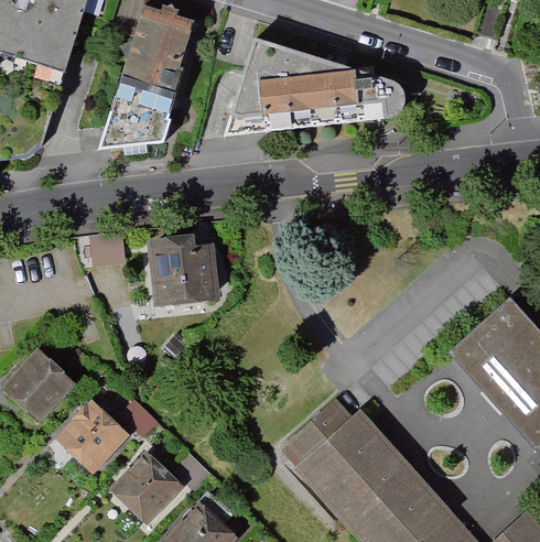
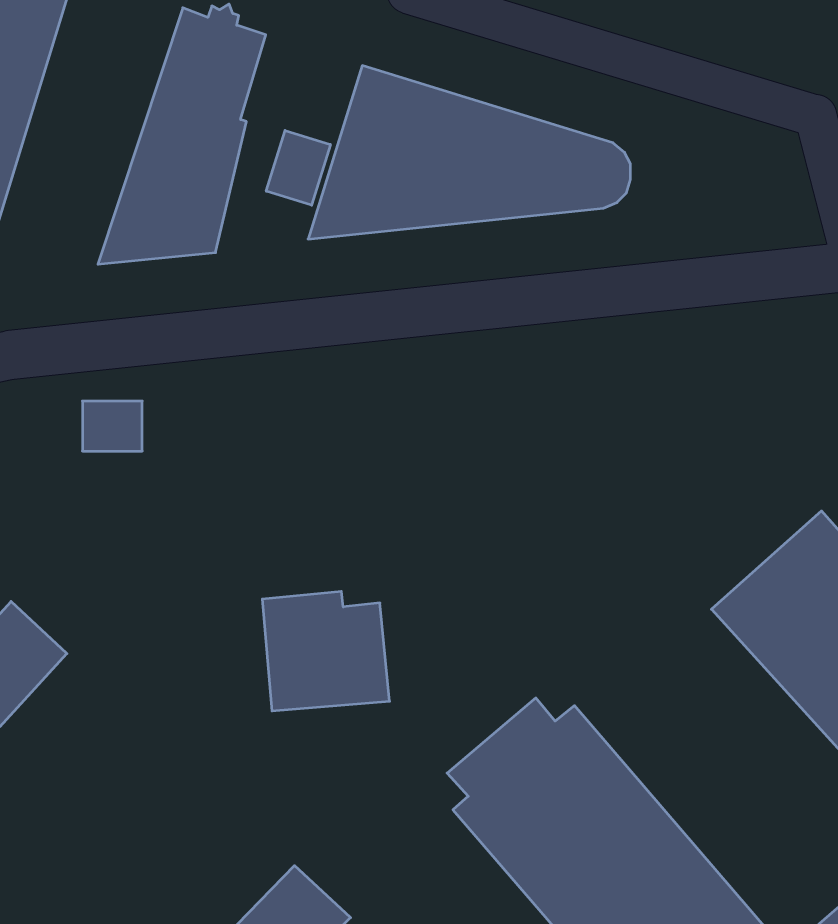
building: none -> [266,130,330,205]
building: [141,240,214,308] -> [262,591,390,711]
building: [62,397,133,468] -> none
building: [114,446,184,518] -> none

